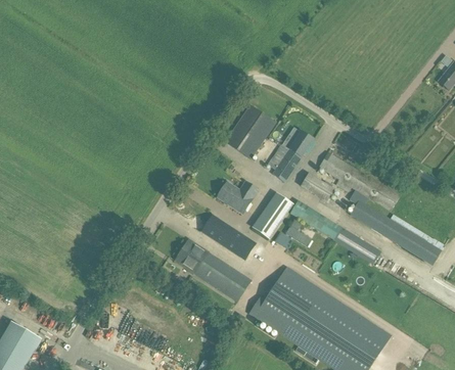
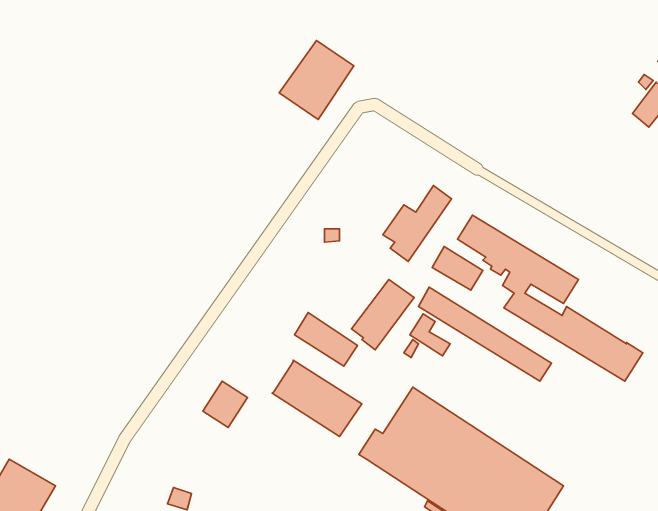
building: [224,104,275,158] -> [279,40,354,120]
building: [214,181,257,214] -> none
building: [174,239,204,271] -> [203,381,248,427]

